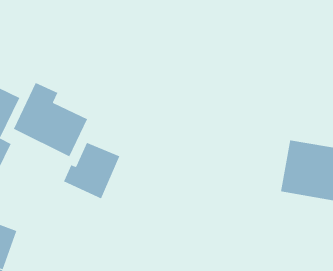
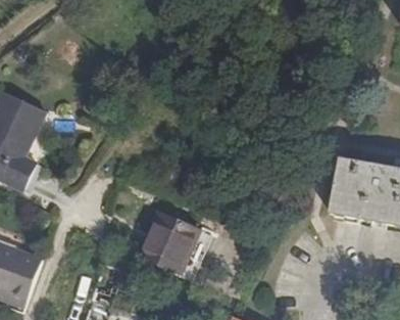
building: [13,82,88,157] -> none
building: [63,142,120,199] -> [137,214,199,276]

